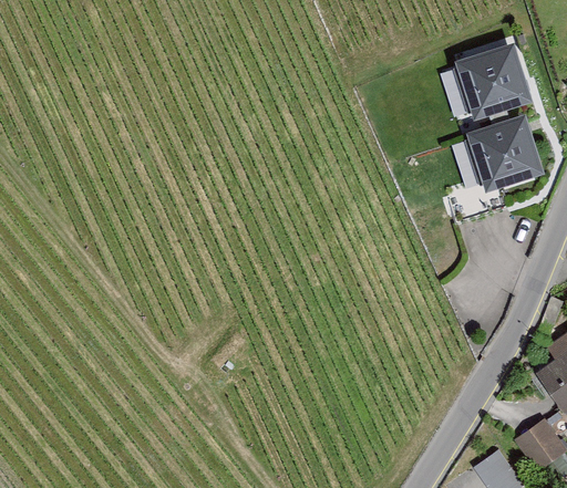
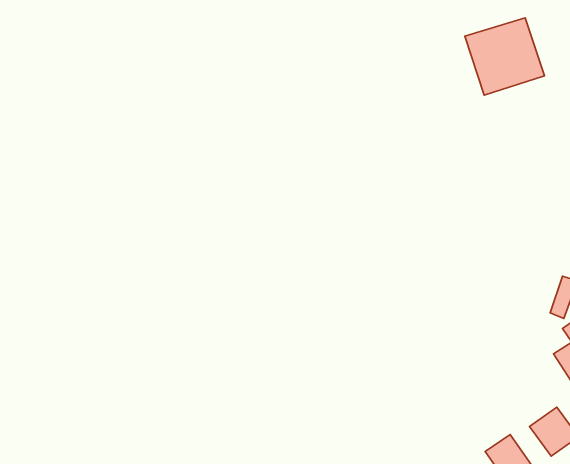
building: [466,118,544,195] -> none

